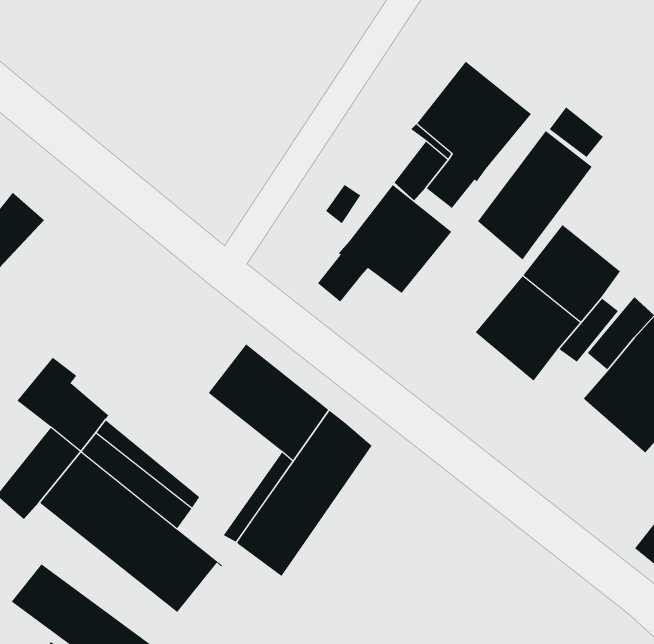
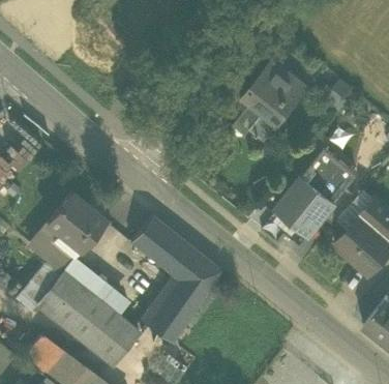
building: [477,130,592,260] -> none
building: [317,184,452,302] -> none
building: none -> [47,193,106,255]

